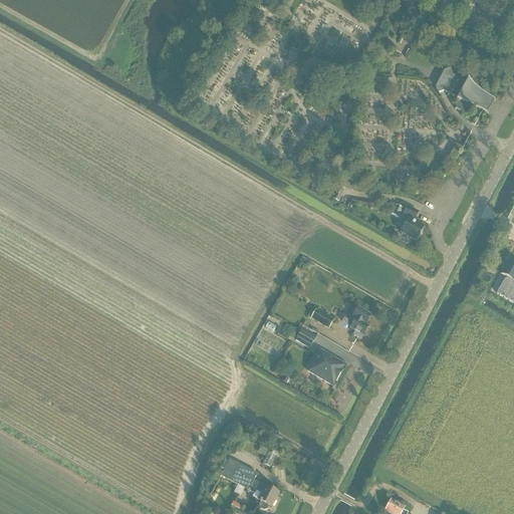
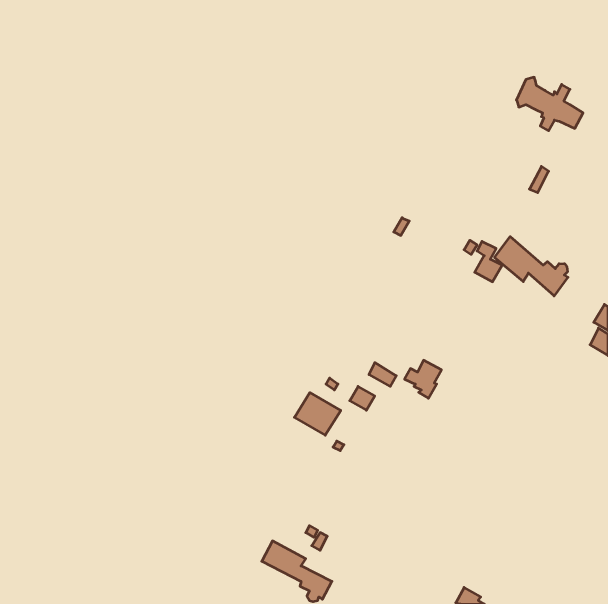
building: none -> [495,237,568,296]
building: [307,347,346,383] -> [294,393,341,435]

